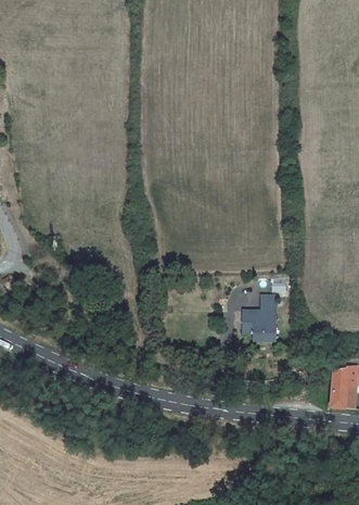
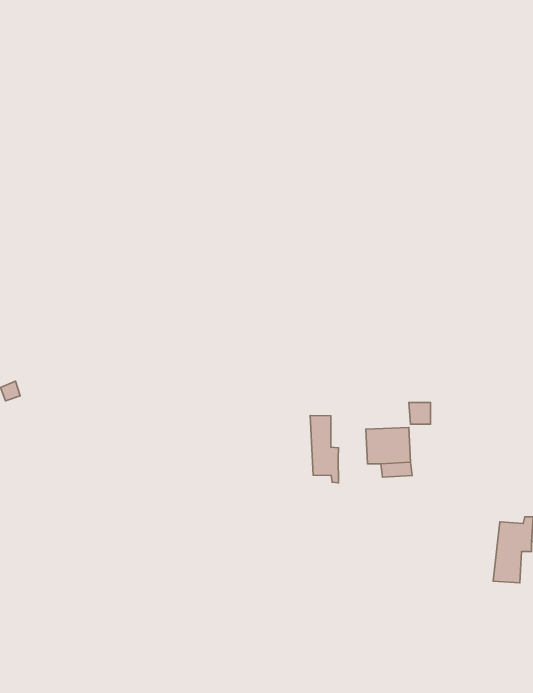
building: none -> [310,415,339,483]

